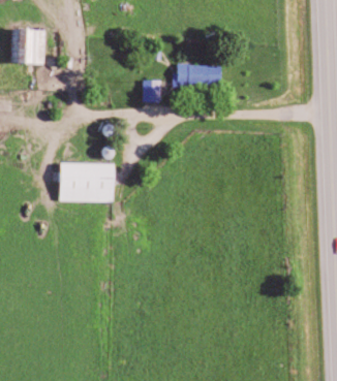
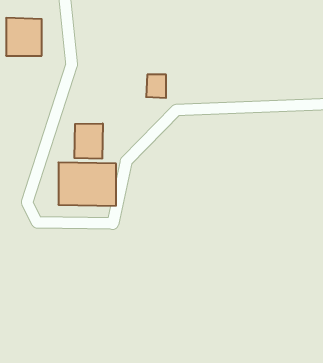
building: [177,65,220,86] -> none
building: none -> [74,123,103,159]

